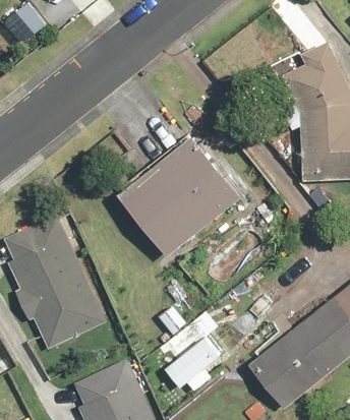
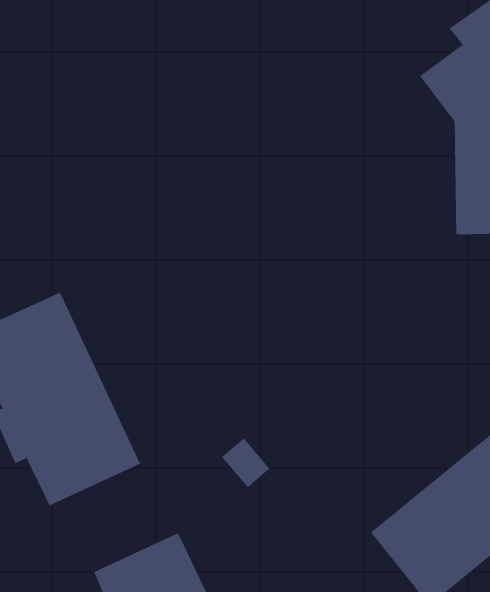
building: [116,132,243,256] -> none
building: [166,337,220,391] -> none

